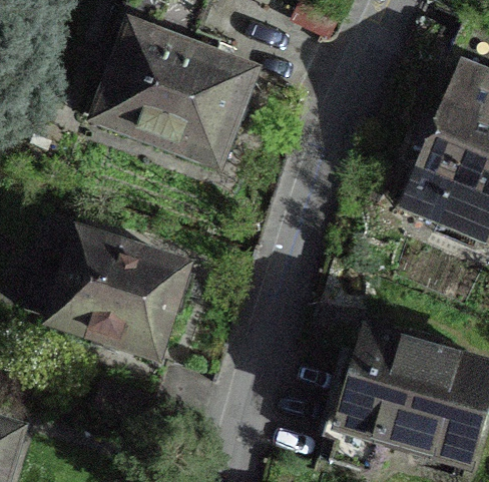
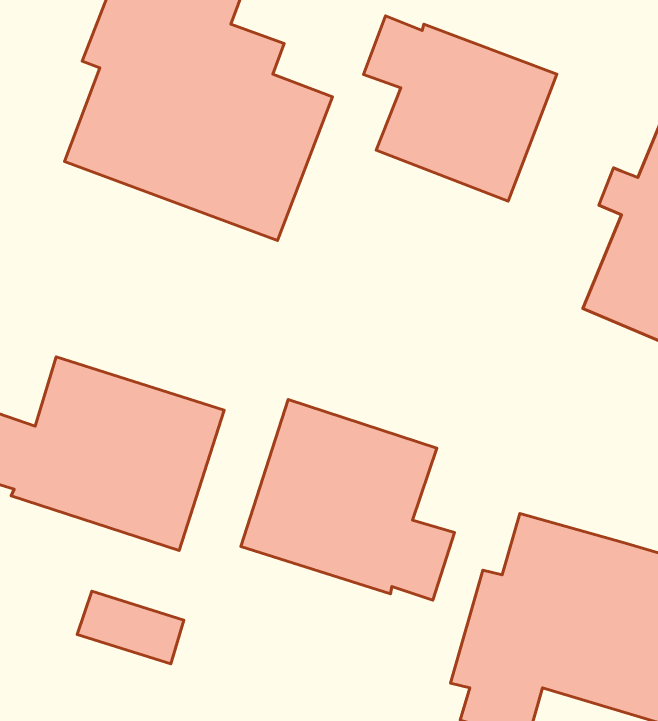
building: none -> [363,16,557,201]
building: none -> [241,400,455,600]

